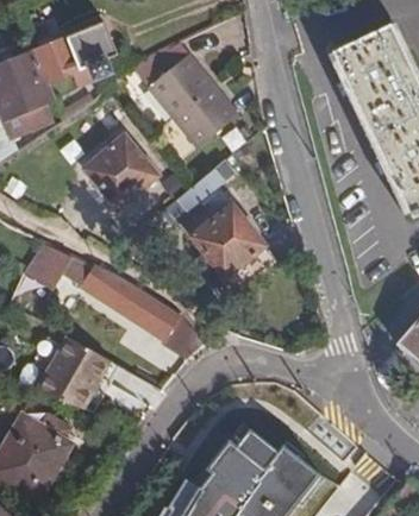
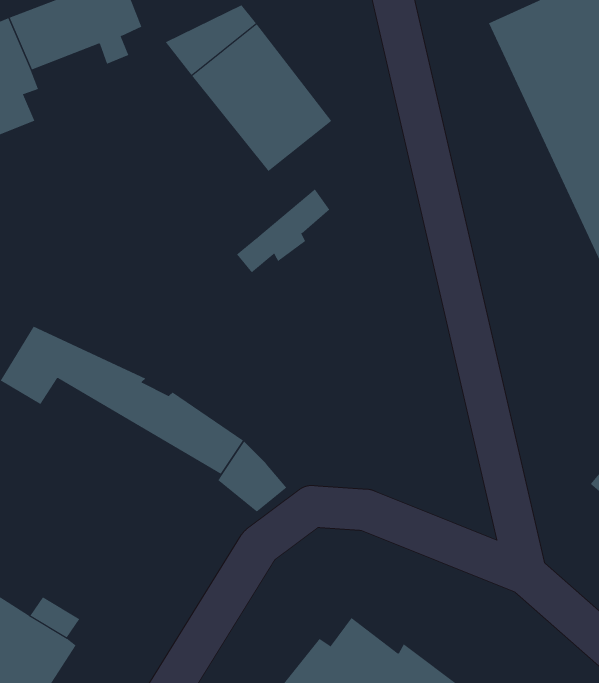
building: [81,134,156,207] -> none
building: [188,203,277,295] -> none
building: [38,338,114,411] -> none

